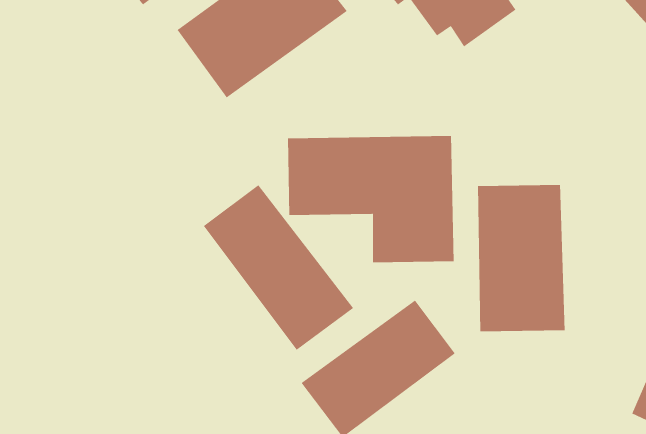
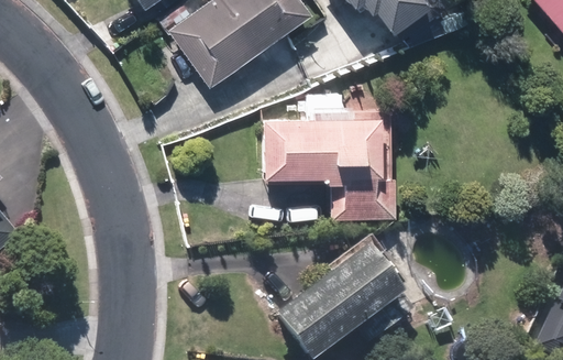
building: [477,184,565,332] -> none
building: [203,184,354,351] -> none

